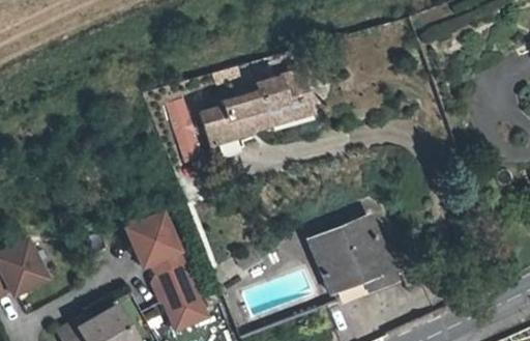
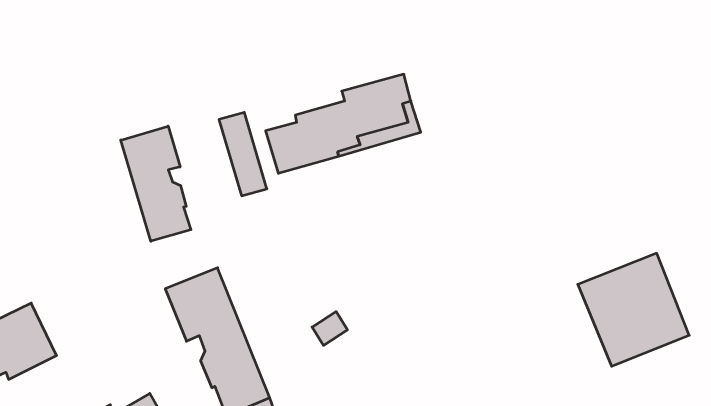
building: none -> [121,126,191,241]
building: [311,218,392,301] -> [578,253,689,366]

